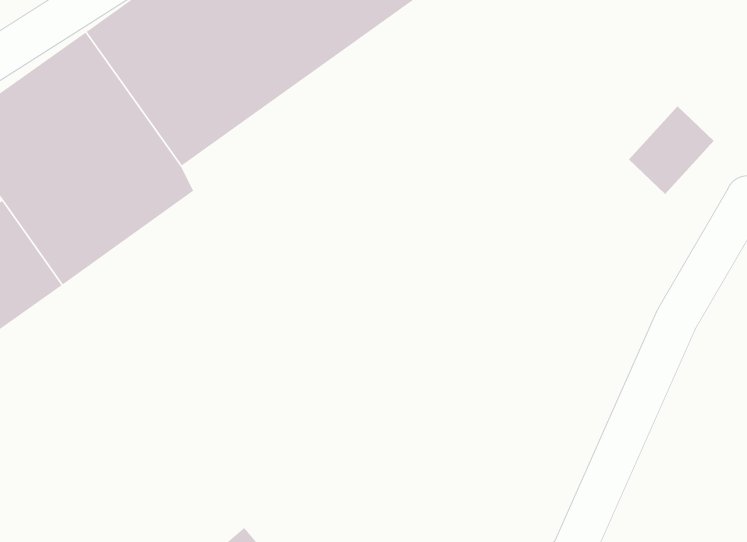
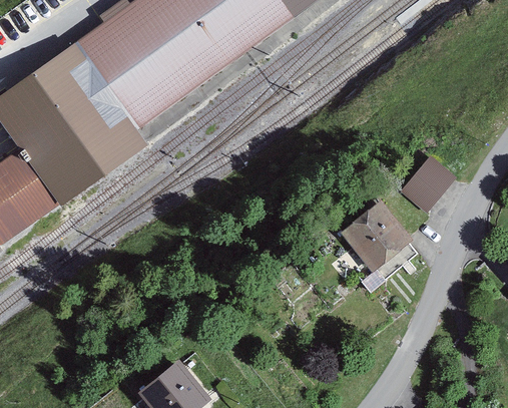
building: [628,105,715,195] -> [399,153,455,212]
building: none -> [334,198,411,276]

